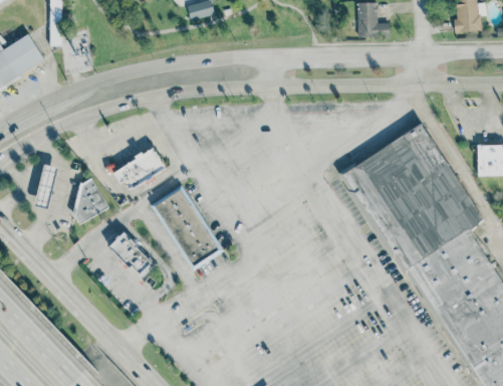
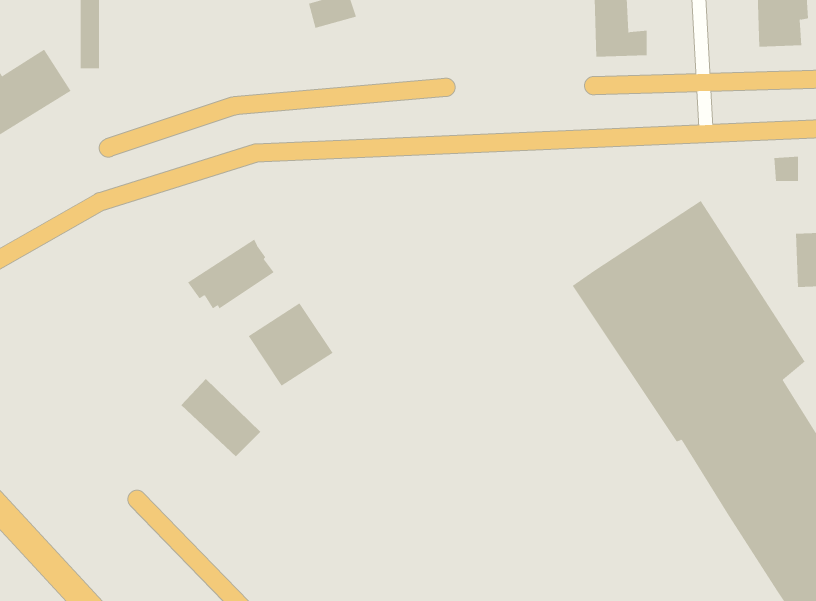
building: [34,164,58,208] -> none
building: [72,178,108,225] -> none
building: [170,215,224,270] -> none

